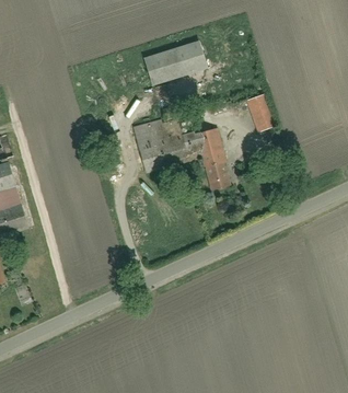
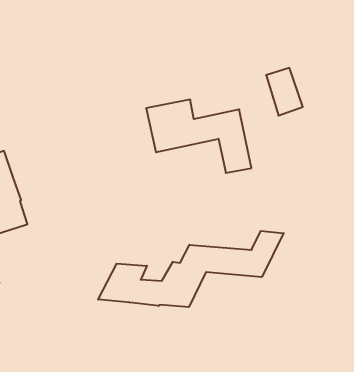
building: [141,43,208,86] -> none
building: none -> [98,231,284,307]

